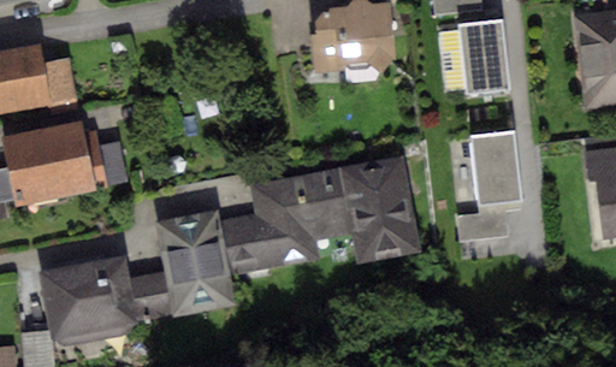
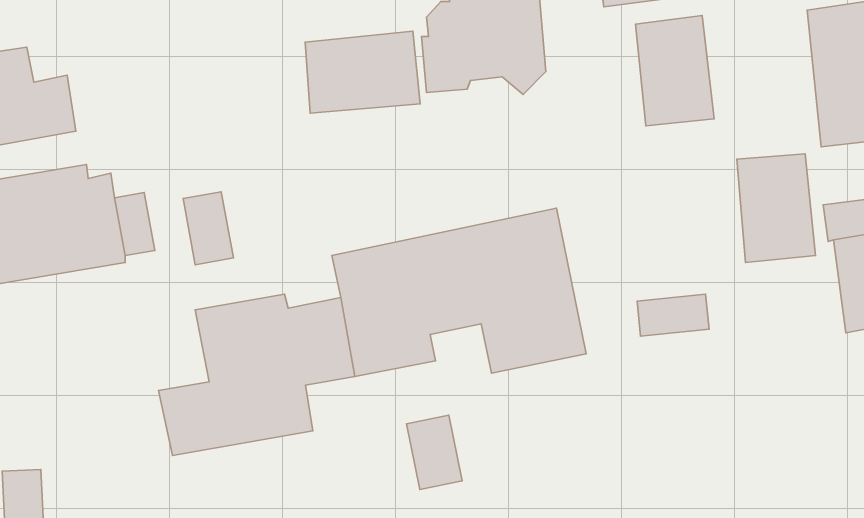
building: none -> [305,31,420,113]
building: [470,130,525,205] -> [737,154,816,262]
building: none -> [183,192,233,265]
building: [38,254,141,345] -> none
building: none -> [407,415,462,489]

